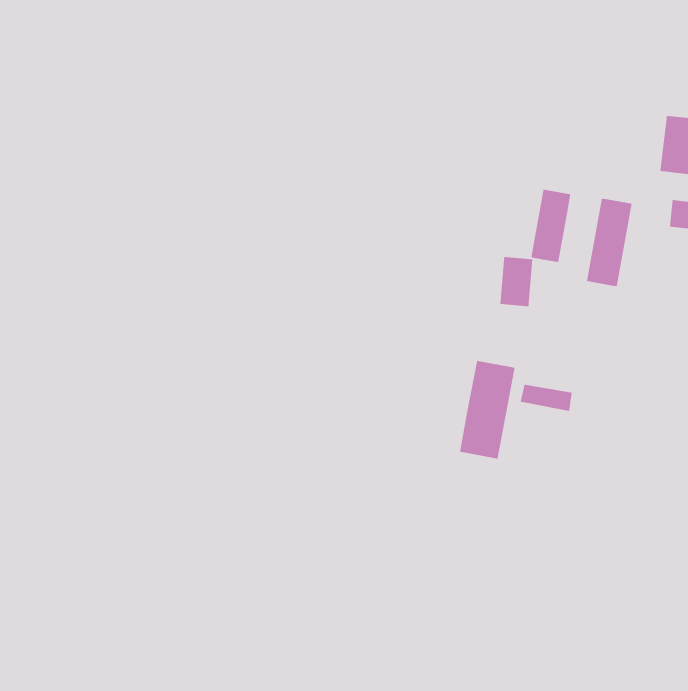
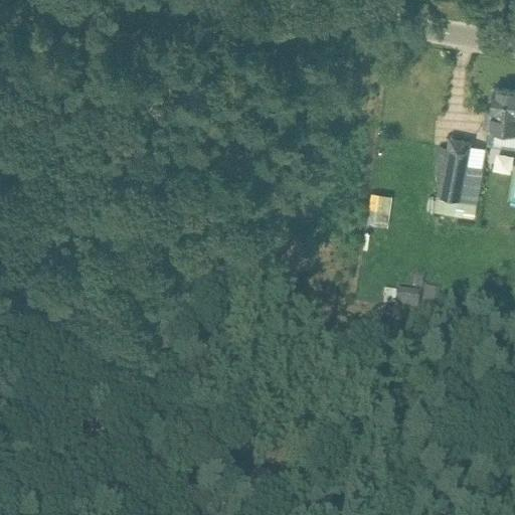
building: [531,189,571,263] -> none
building: [459,360,515,460] -> none

